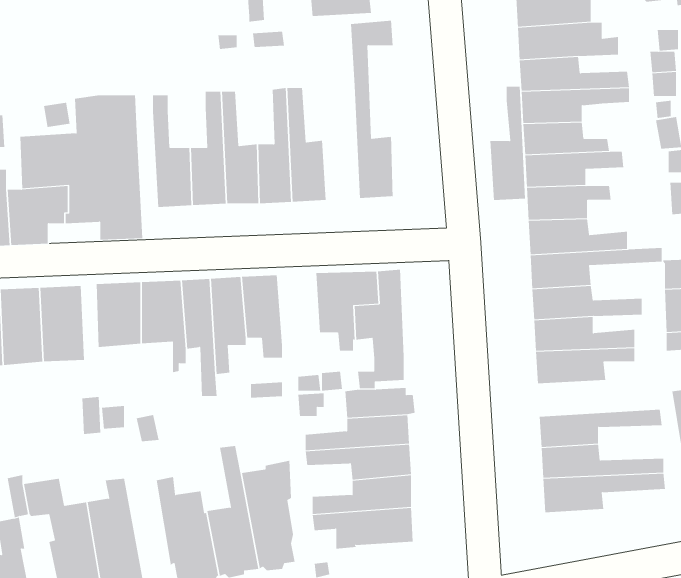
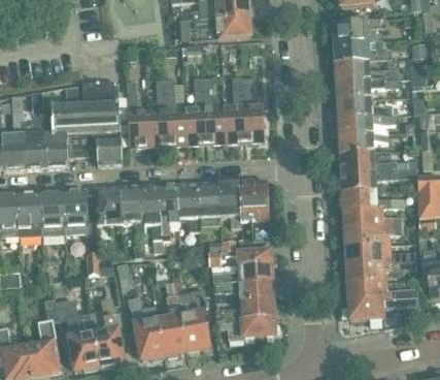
building: [490,86,526,200] -> [224,76,244,141]
building: none -> [198,183,222,224]
building: none -> [345,244,415,264]

